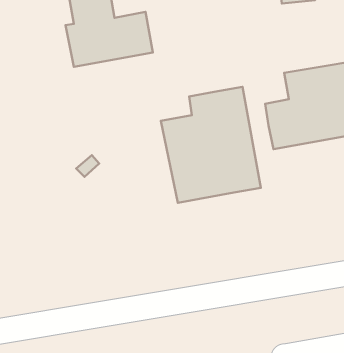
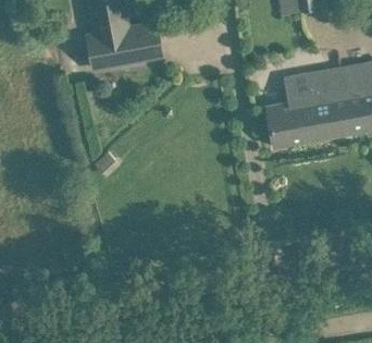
building: [161,87,261,203] -> none

